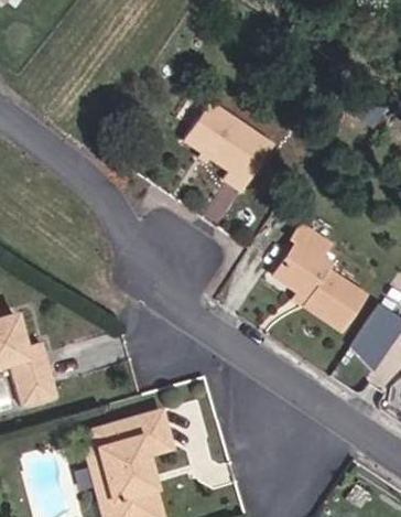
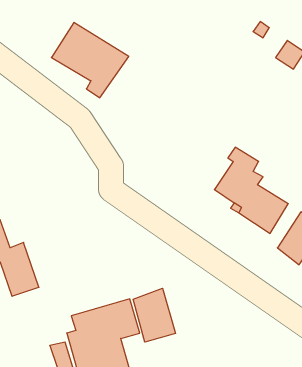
building: [188,103,283,195] -> [51,22,129,98]
building: none -> [133,288,176,342]

